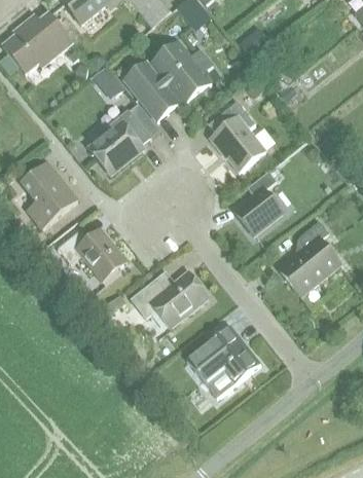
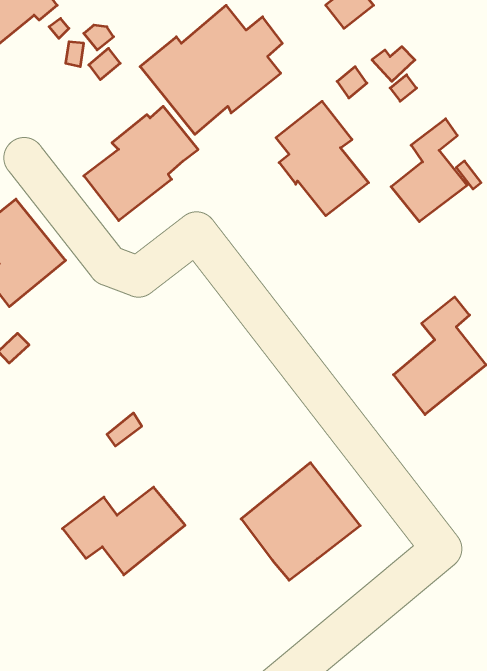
building: [234,171,282,234] -> [391,119,467,222]
building: [57,229,126,281] -> none
building: [131,272,207,327] -> [62,487,185,575]

